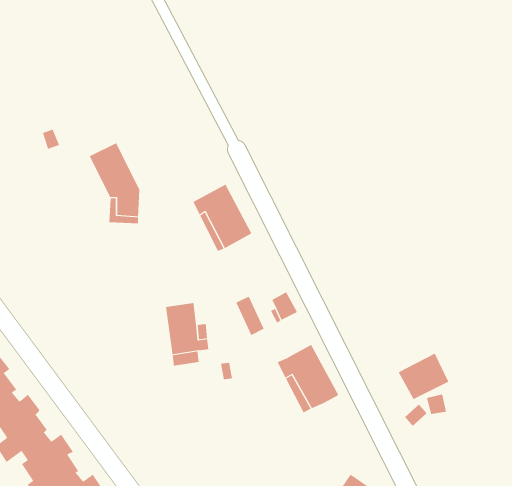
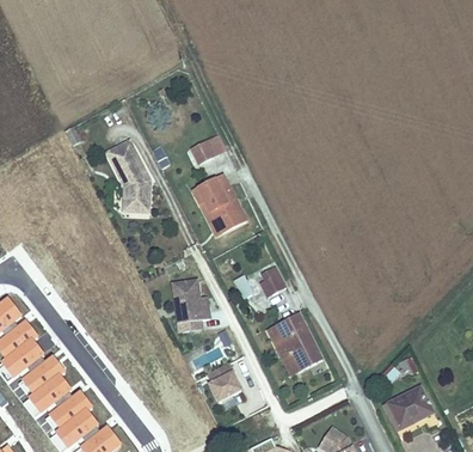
building: none -> [190,134,223,164]
building: [398,353,449,400] -> [388,386,432,427]
building: none -> [205,364,240,407]

